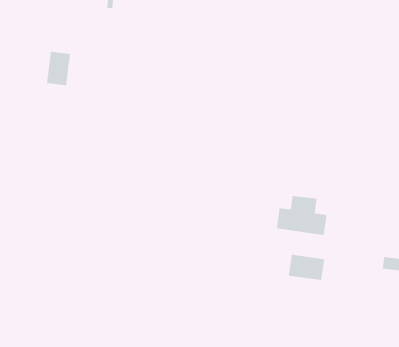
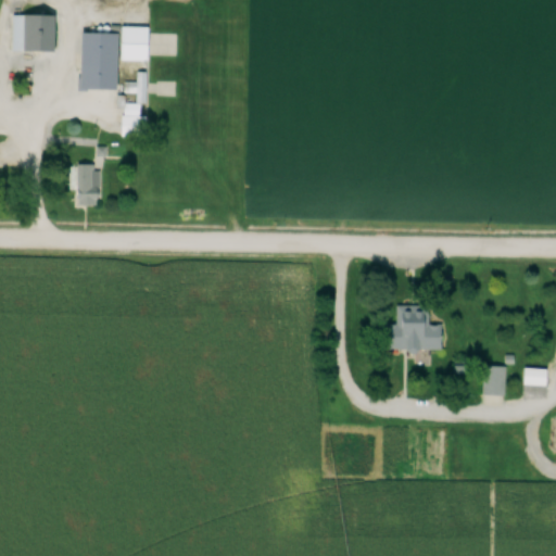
building: none -> [483,366,506,395]
building: [288,254,325,281] -> none

